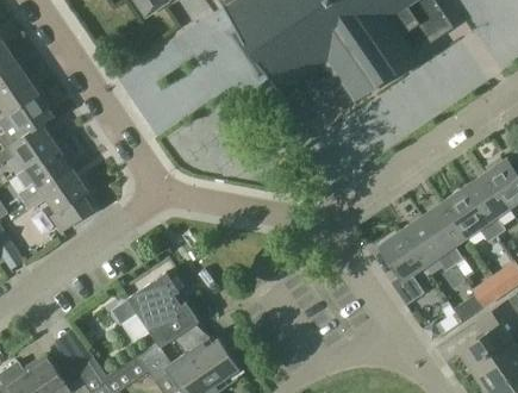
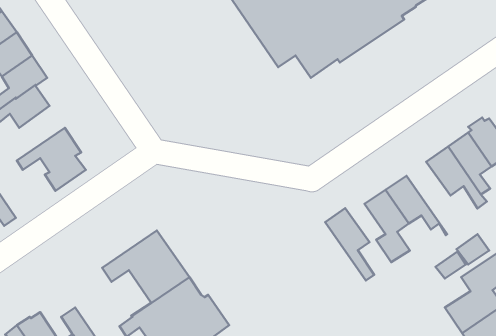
building: [17,145,71,201] -> none
building: [420,202,470,276] -> [325,208,374,281]

